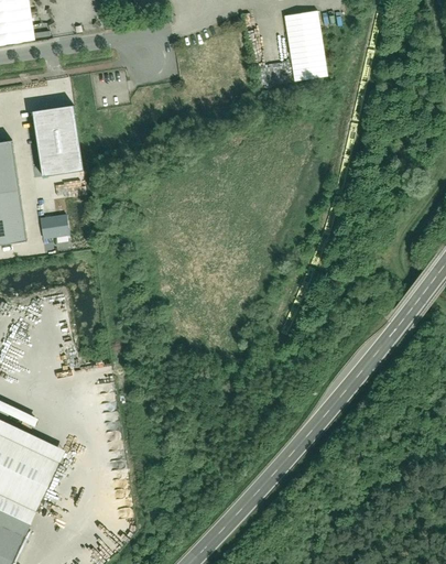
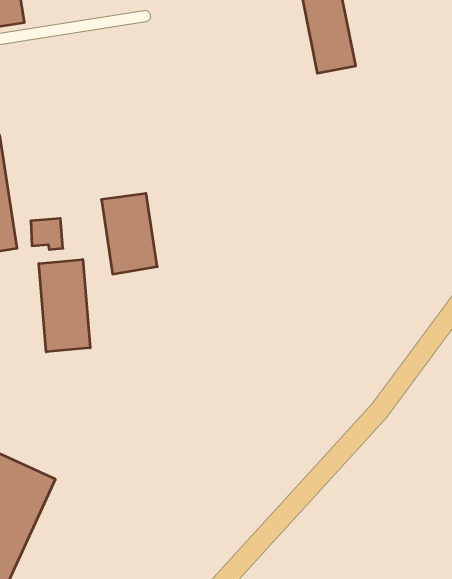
building: [32,107,81,178] -> [101,193,157,274]
building: none -> [39,259,90,352]

